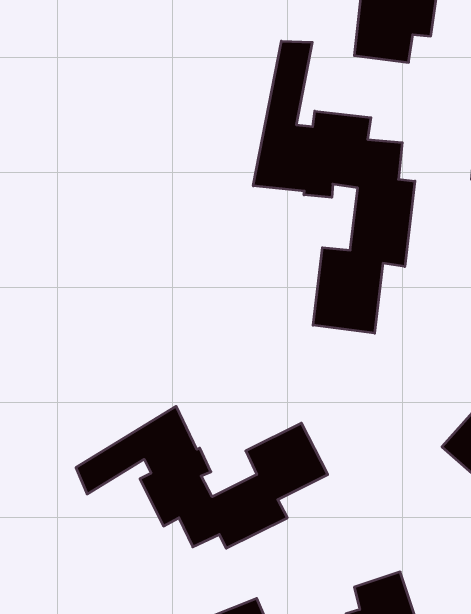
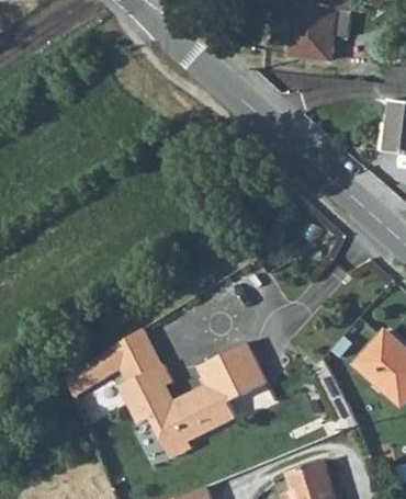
building: [253,41,415,333] -> none

